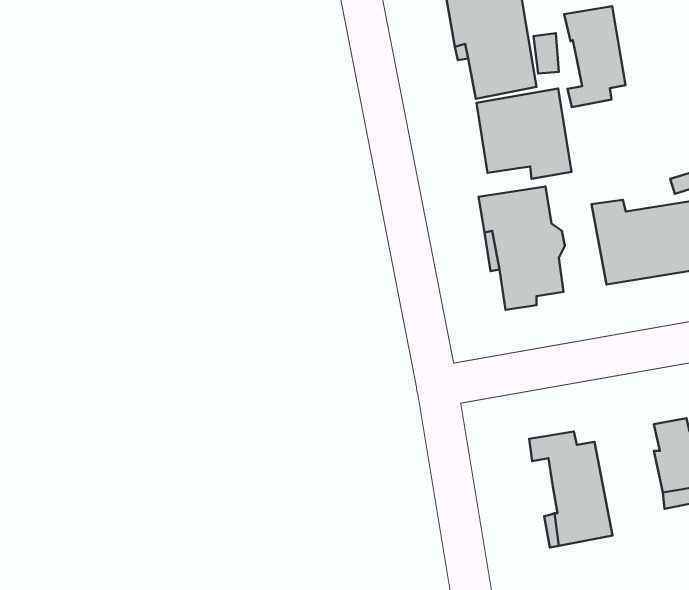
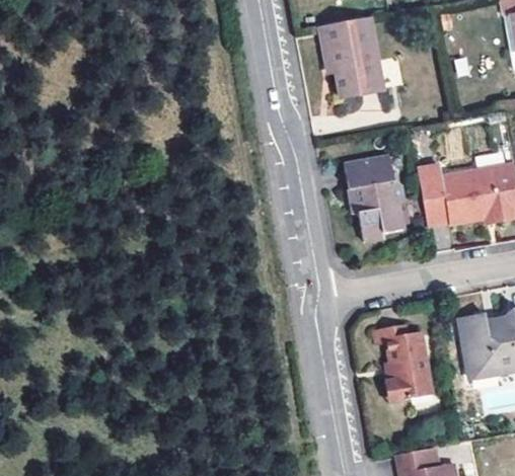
building: [564,6,626,107] -> none
building: [477,89,572,179] -> none

